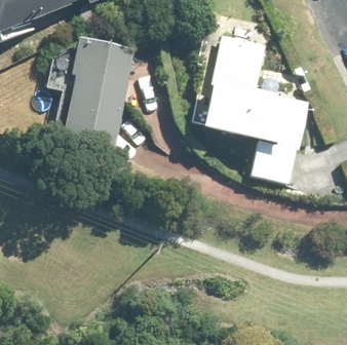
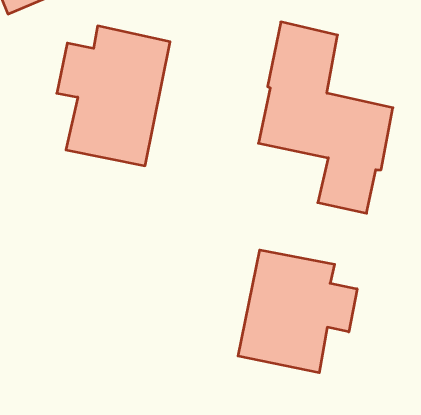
building: none -> [238,250,357,373]

